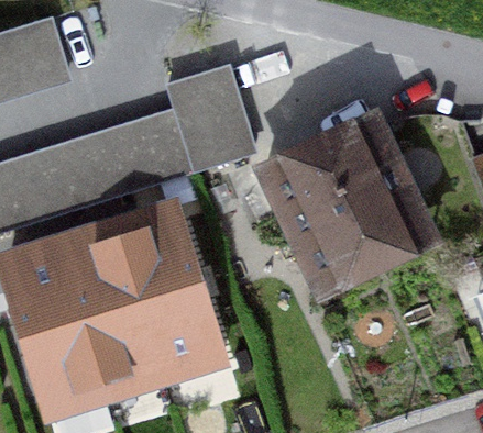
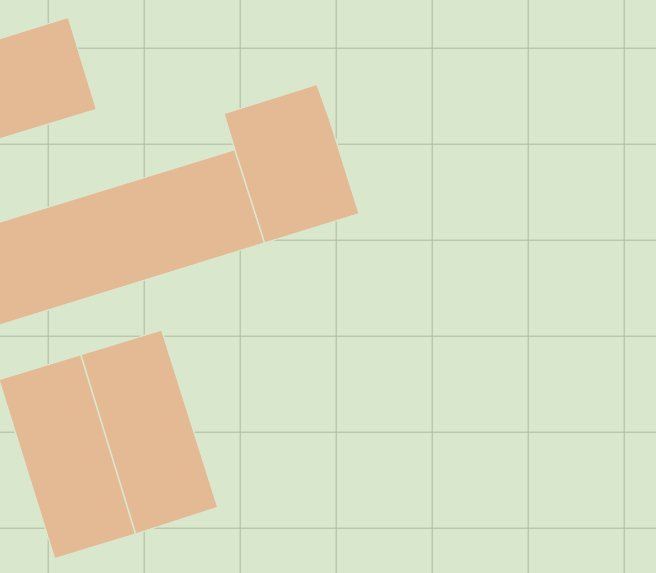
building: [261,130,414,278] -> none
building: [118,219,215,363] -> none

